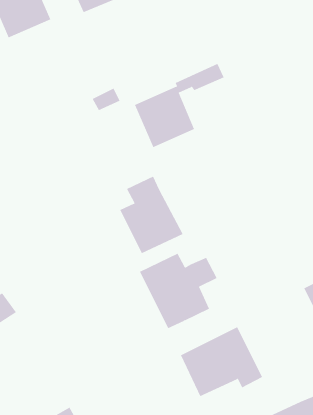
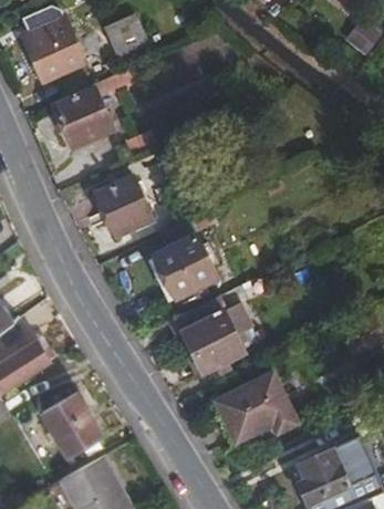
building: [134,63,225,148] -> [52,64,143,149]
building: none -> [96,177,152,237]
building: none -> [41,391,102,455]

